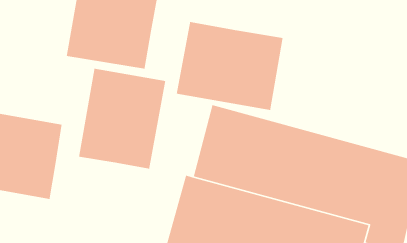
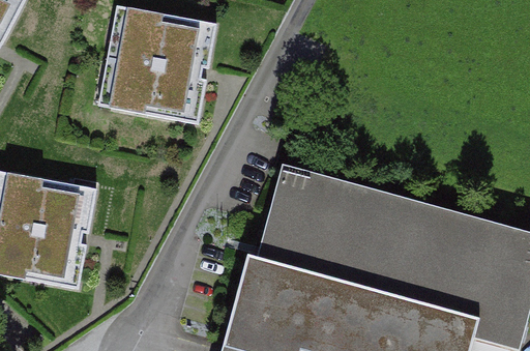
building: [176,21,284,111] -> none
building: [78,68,166,170] -> none

